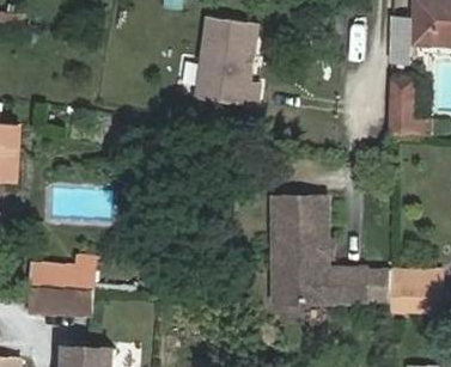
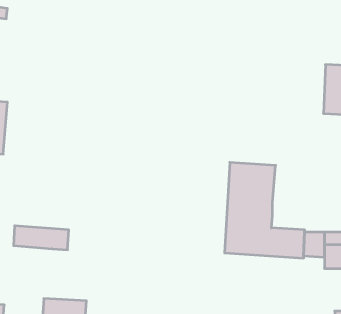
building: [195,11,258,102] -> none
building: [29,288,92,317] -> none

